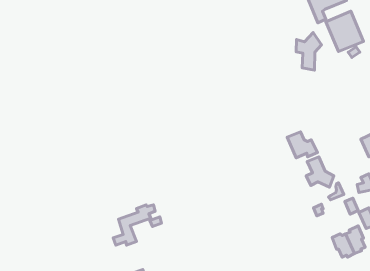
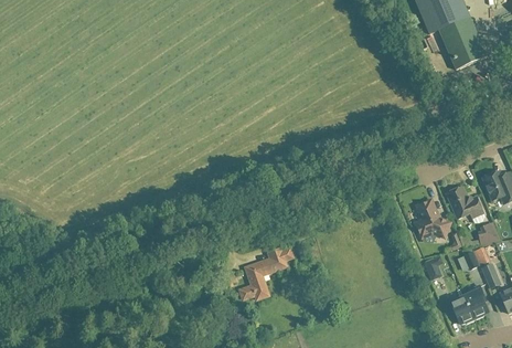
building: [296,33,321,70] -> none
building: [287,132,317,158] -> [447,187,484,219]
building: [113,205,155,245] -> [239,250,291,299]

